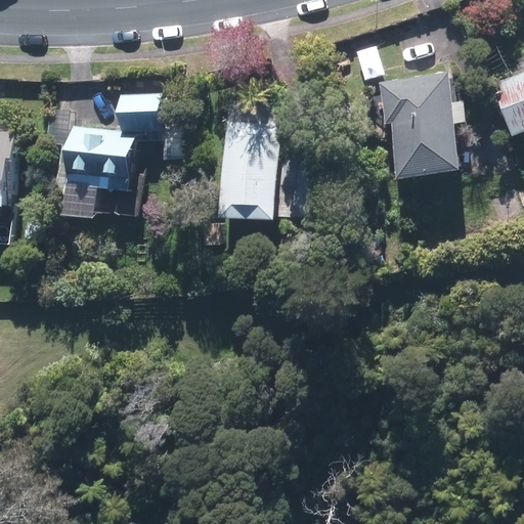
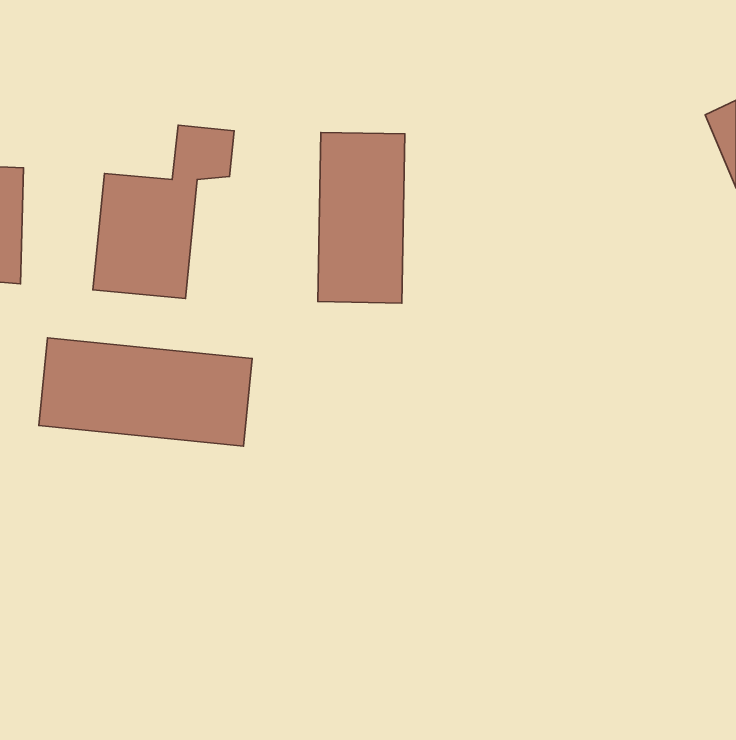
building: [376,73,458,171] -> none
building: none -> [39,338,252,446]

